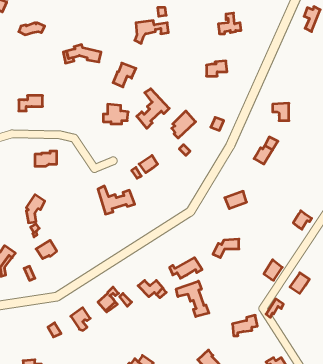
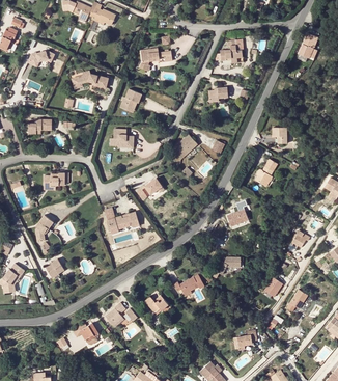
building: [137,89,169,128] -> none
building: [176,281,209,317] -> none

